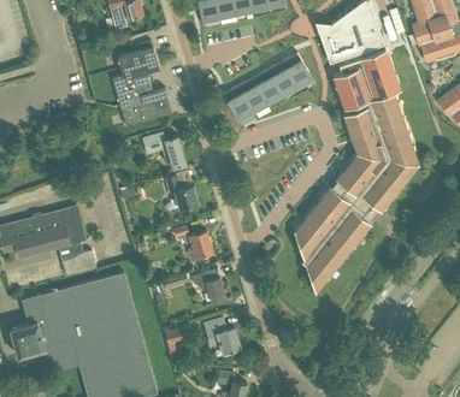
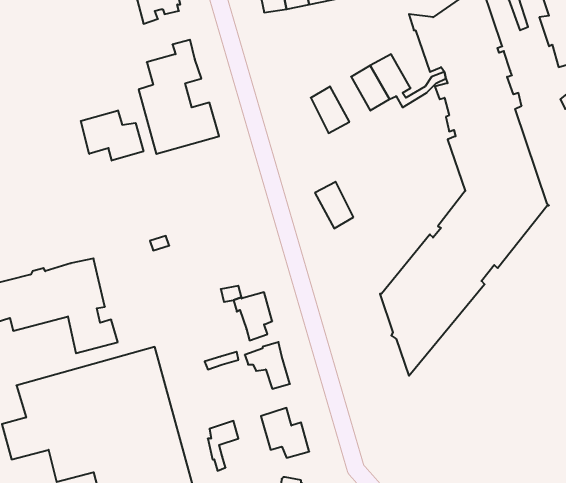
building: [255,69,285,102] -> none
building: [225,84,254,119] -> [315,182,353,228]
building: none -> [81,110,143,161]
building: [142,132,187,168] -> none
building: [165,174,197,208] -> none

